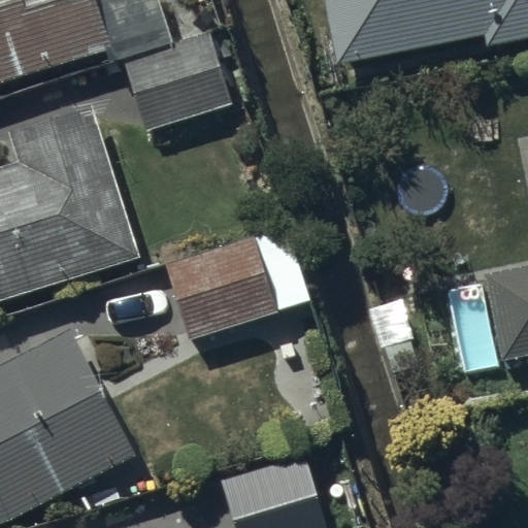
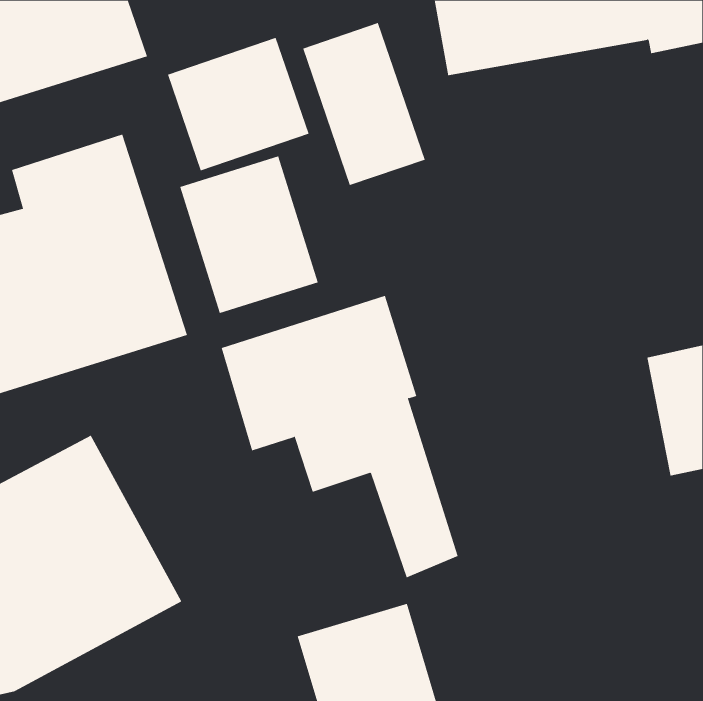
building: none -> [302,22,425,186]
building: none -> [179,155,319,314]

